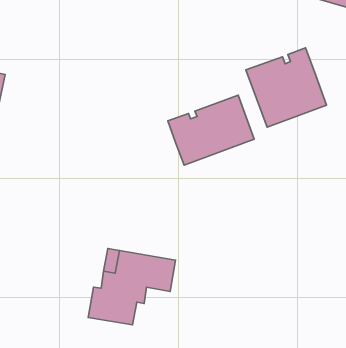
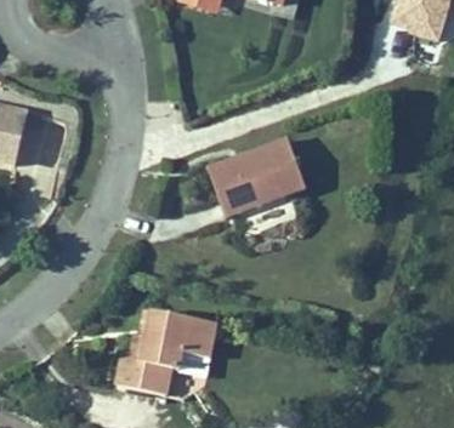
building: [246,48,327,127] -> none

